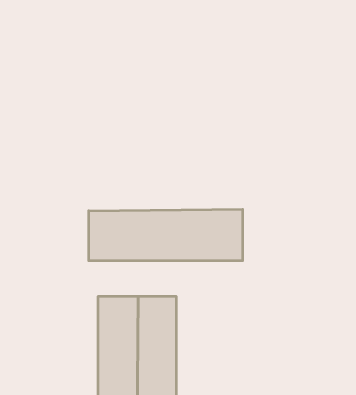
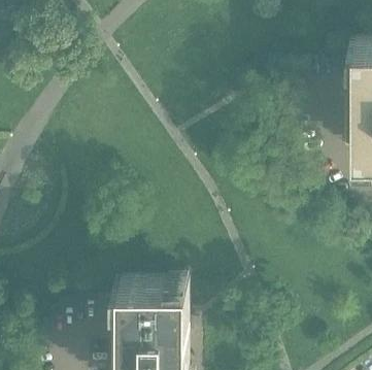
building: [89,209,243,261] -> none

